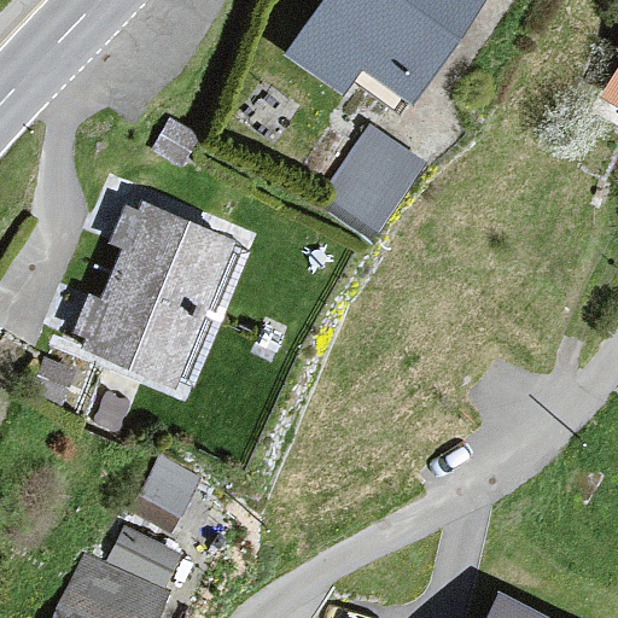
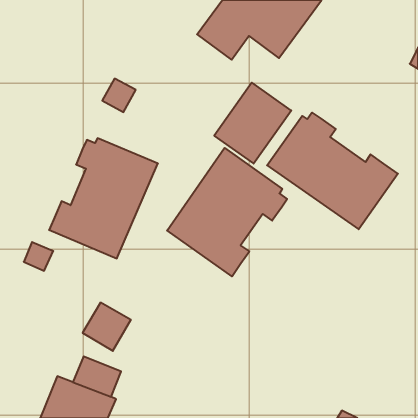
building: none -> [267,113,398,229]
building: none -> [167,148,287,276]

